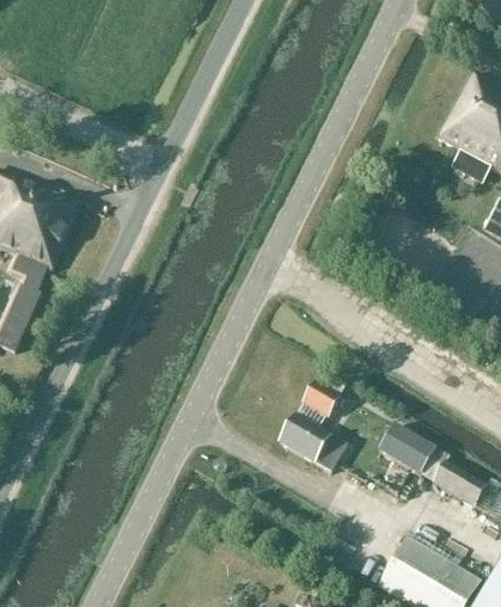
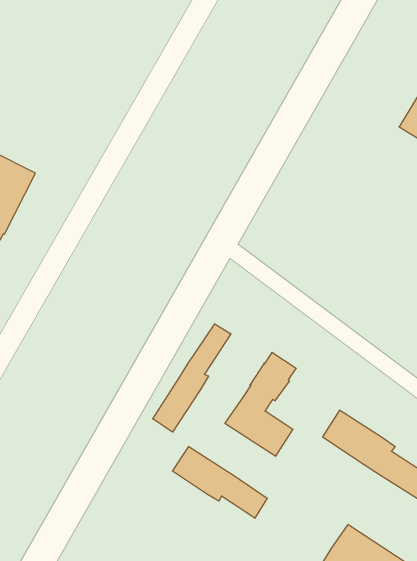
building: none -> [153,324,231,432]
building: none -> [172,446,267,518]

